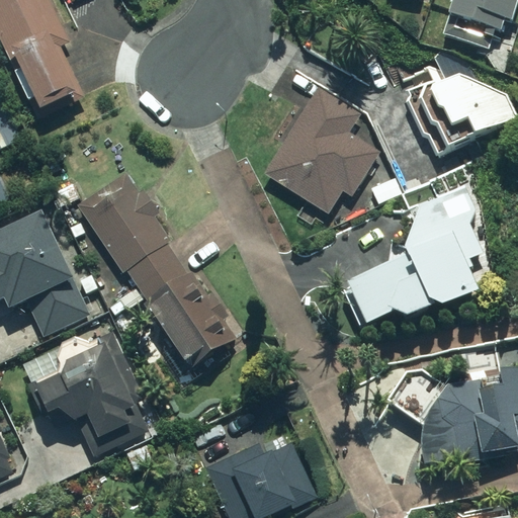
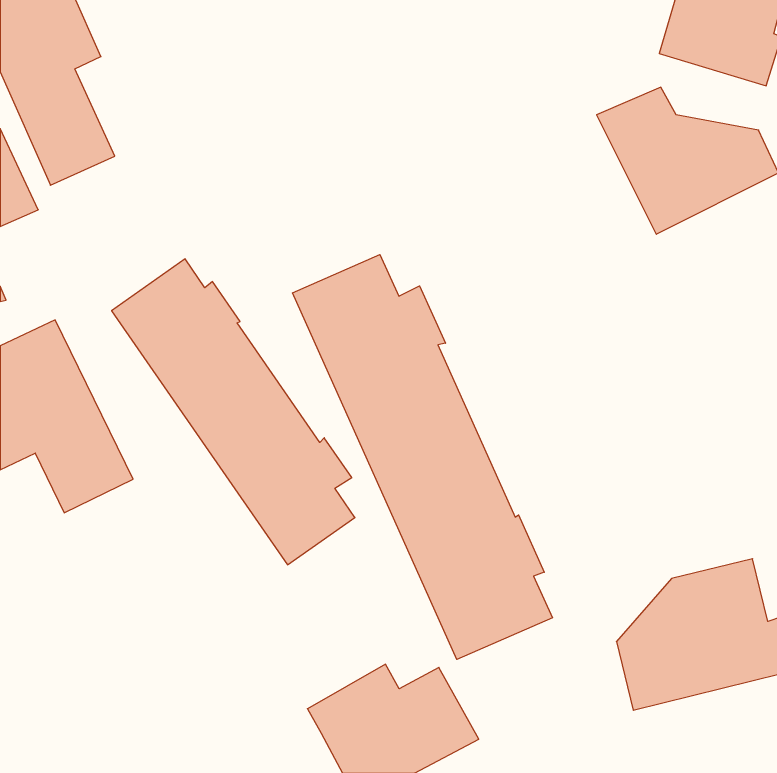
building: [265,84,381,211] -> none
building: none -> [292,255,553,659]
building: [343,171,492,324] -> none
building: [27,329,135,459] -> none

